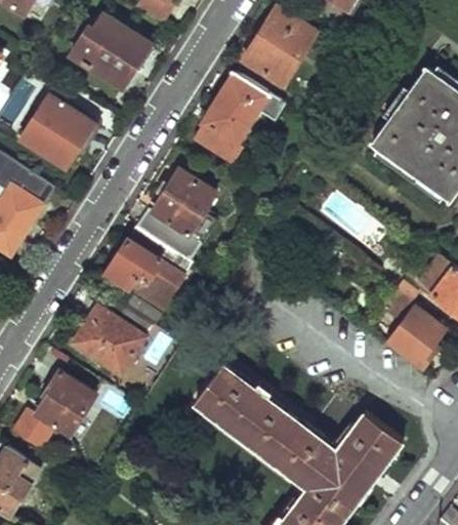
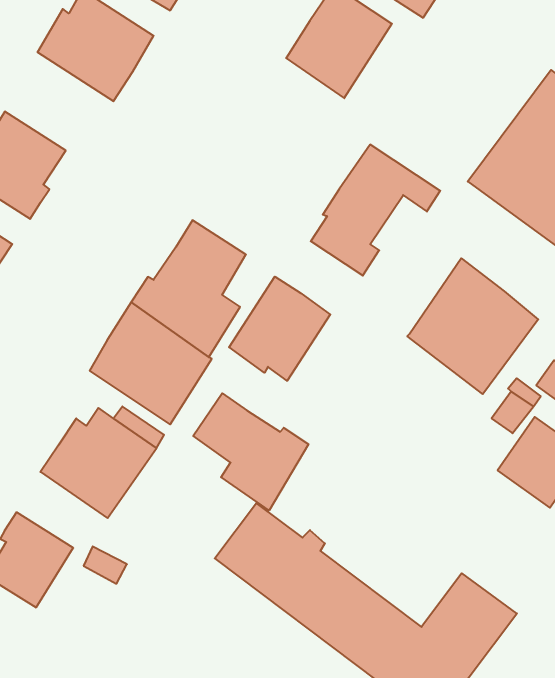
building: [195,72,284,162] -> [311,145,440,276]
building: none -> [407,258,538,394]
building: none -> [229,277,330,381]
building: none -> [193,393,308,510]

